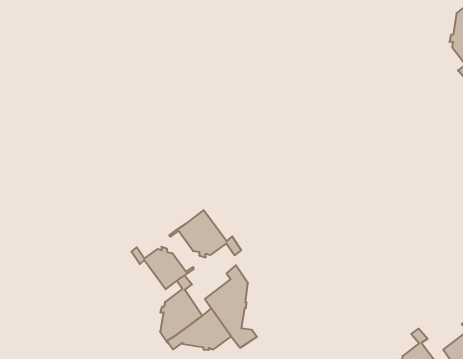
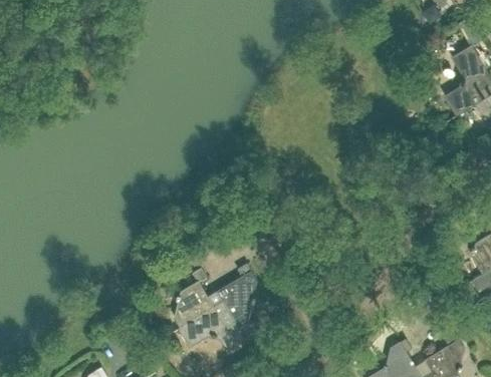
building: [169,210,241,258] -> none
building: [131,247,194,289] -> none

